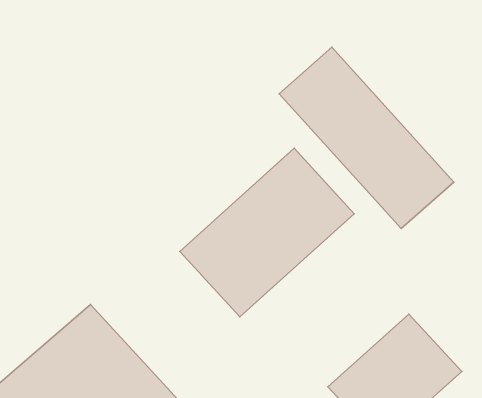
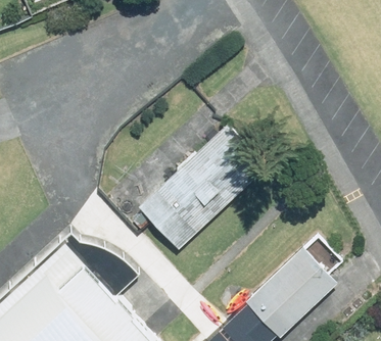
building: [279,47,454,229] -> none

